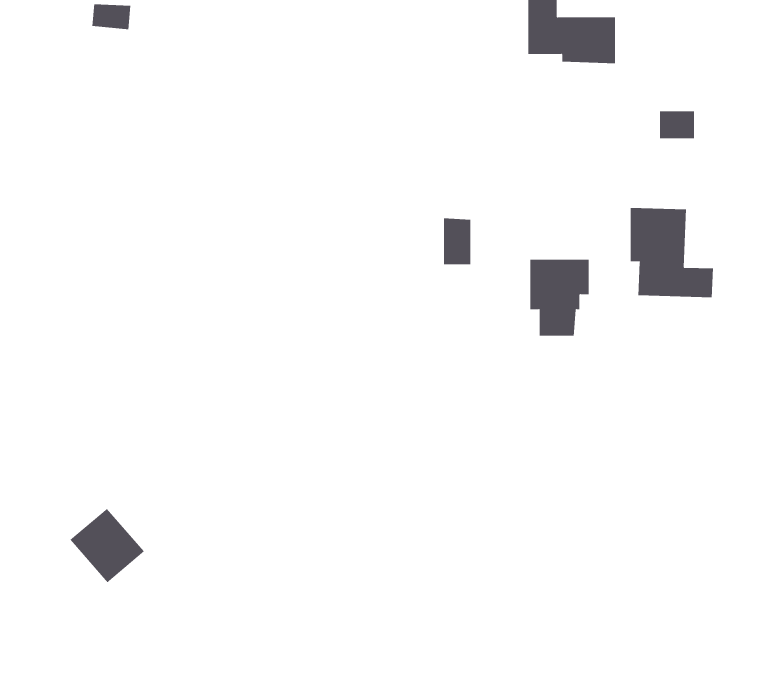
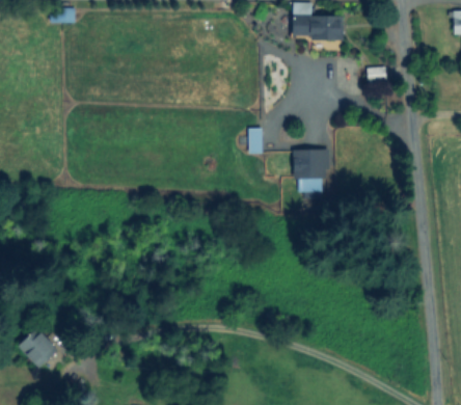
building: [630,207,714,298] -> none
building: [70,508,145,583] -> [17,327,58,369]

